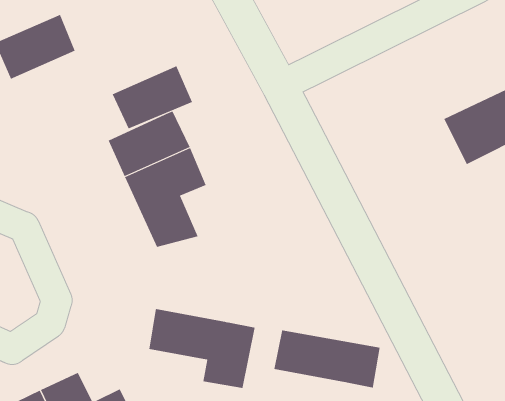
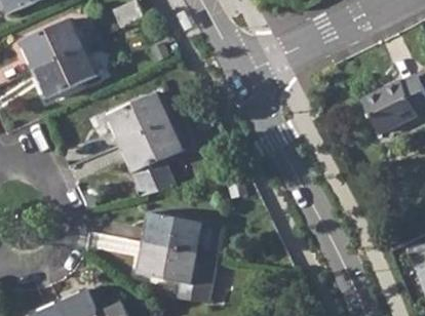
building: [112,66,193,129] -> [33,48,94,96]
building: [273,330,380,388] -> [143,213,224,258]

